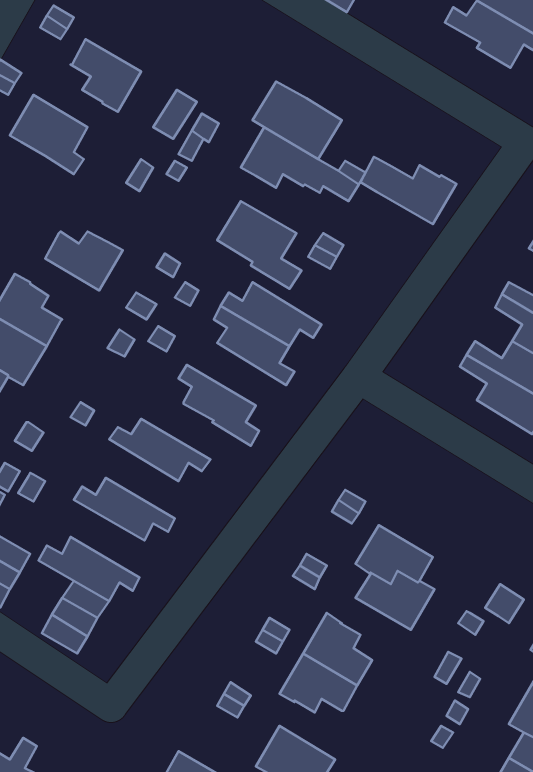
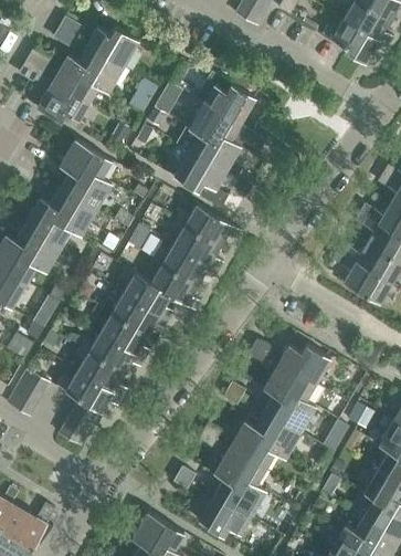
building: none -> [86,27,138,66]
building: none -> [52,55,97,103]
building: [360,157,456,224] -> [177,128,240,172]
building: none -> [59,139,110,179]
building: none -> [50,189,95,235]
building: none -> [152,244,218,285]
building: none -> [119,267,172,321]
building: none -> [97,307,150,359]
building: none -> [278,344,329,385]
building: none -> [74,347,127,398]
building: none -> [244,411,299,459]
building: none -> [213,478,265,517]

